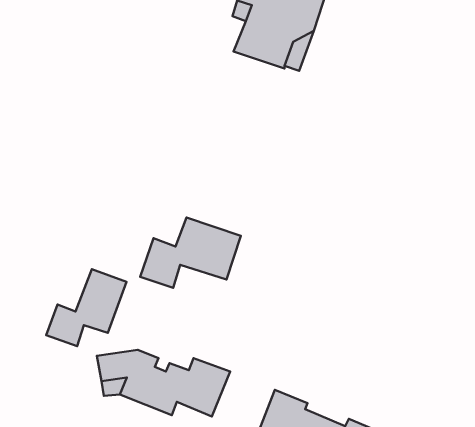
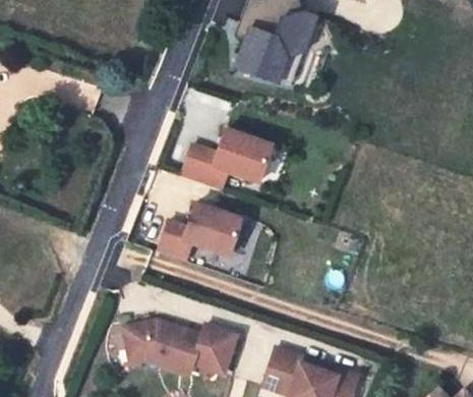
building: none -> [182,130,272,191]
building: [46,269,126,346] -> none

